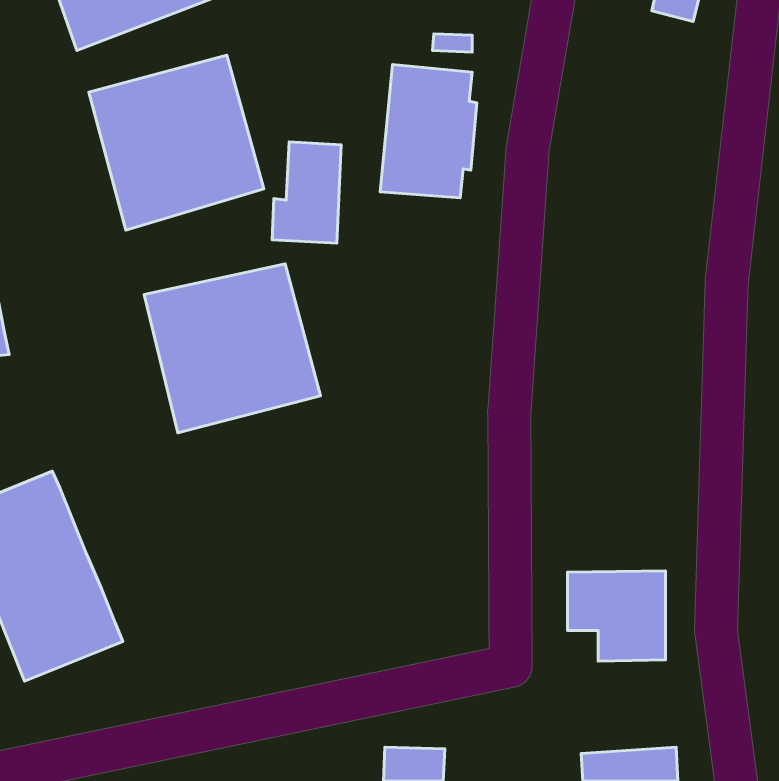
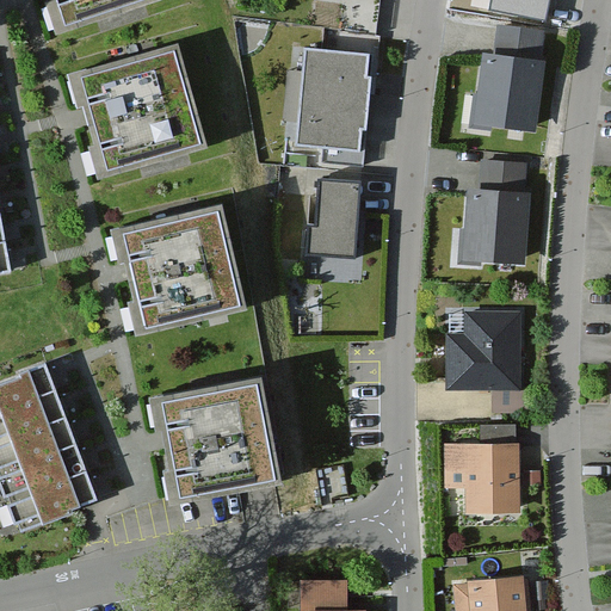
building: none -> [471,23,543,131]
building: [272,142,341,243] -> [307,183,360,261]
building: none -> [459,161,530,264]
building: none -> [446,313,517,390]
building: none -> [154,376,280,502]

